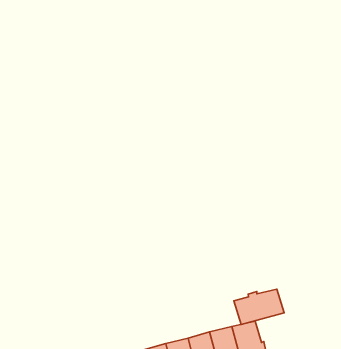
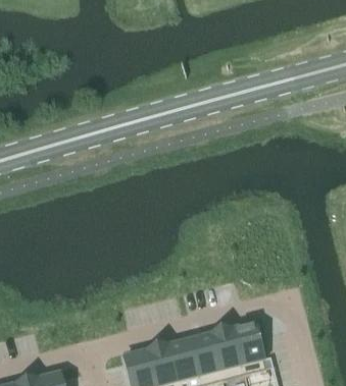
building: [234,289,284,324] -> none

